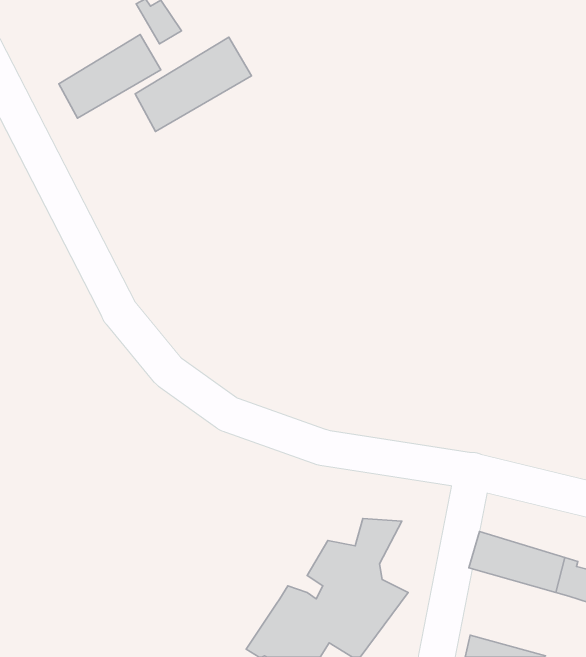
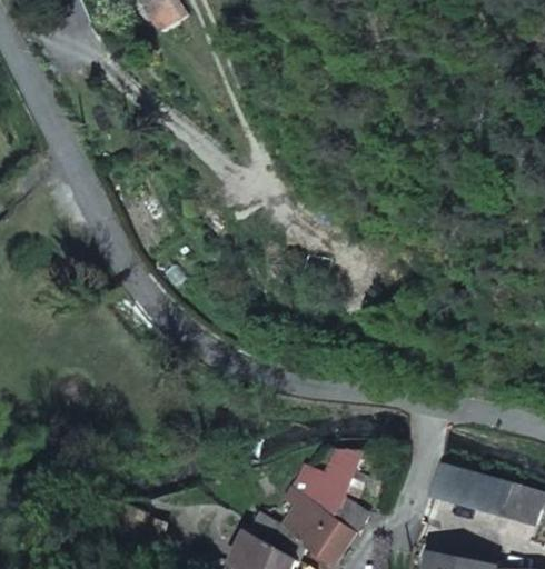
building: [59,35,161,118] -> none
building: [135,37,251,131] -> none

